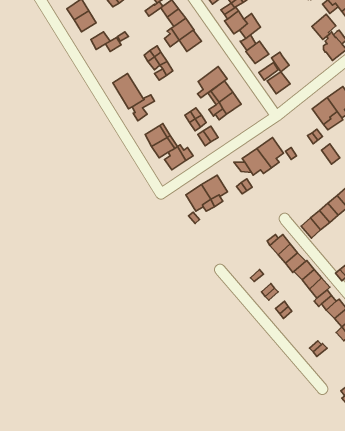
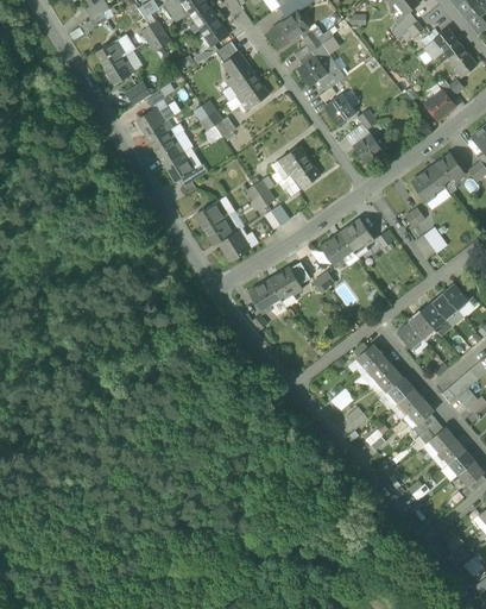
building: [312,14,336,40] -> none
building: none -> [137,106,184,149]
building: [198,67,227,98] -> none

